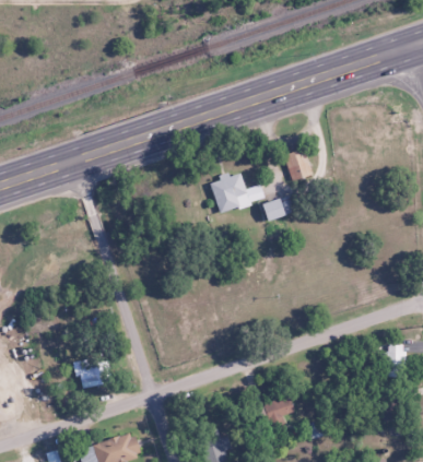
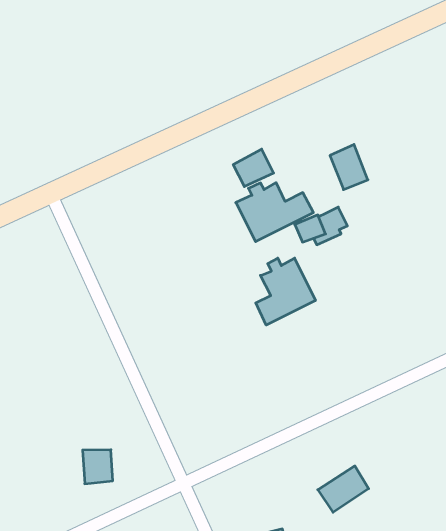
building: none -> [233,149,274,187]
building: none -> [256,258,315,325]

